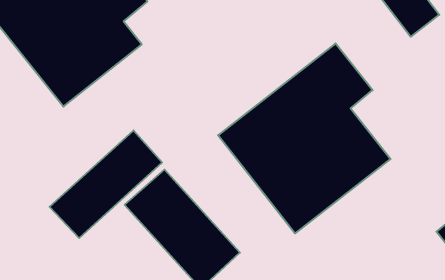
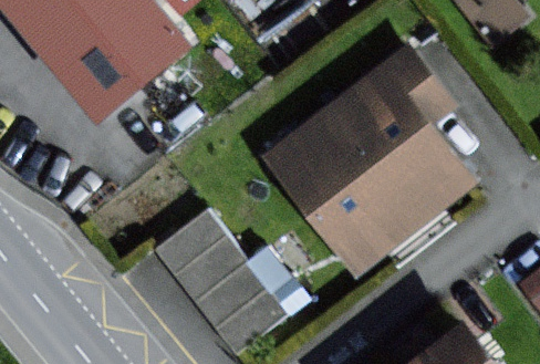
building: [50,130,162,238] -> none

